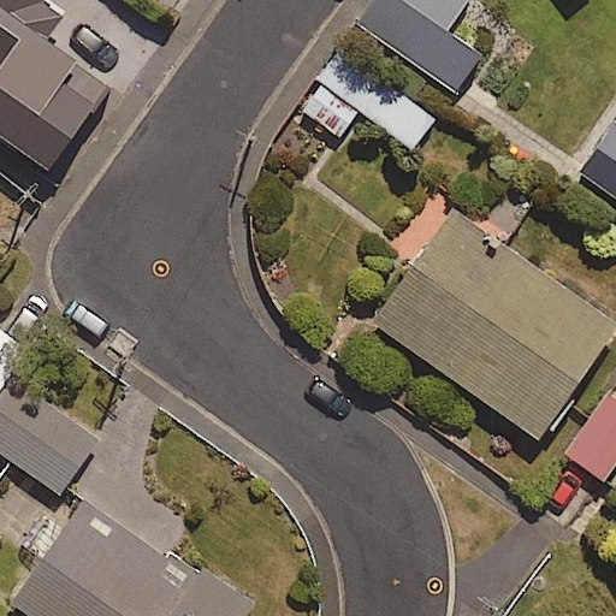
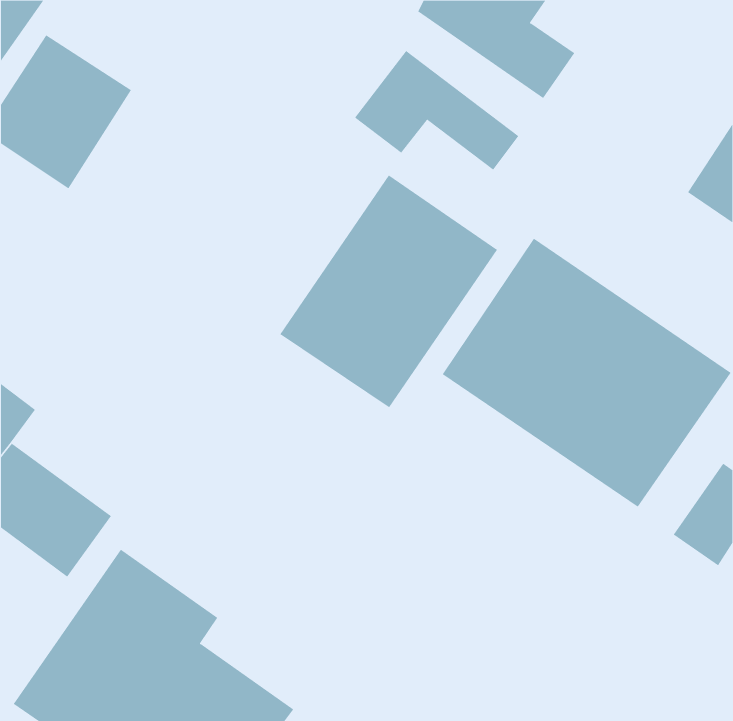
building: none -> [280,174,498,408]

